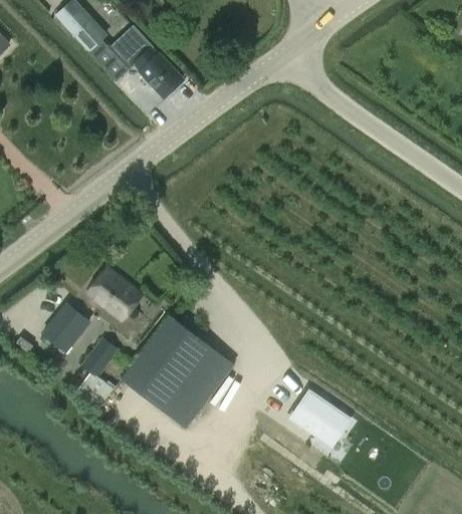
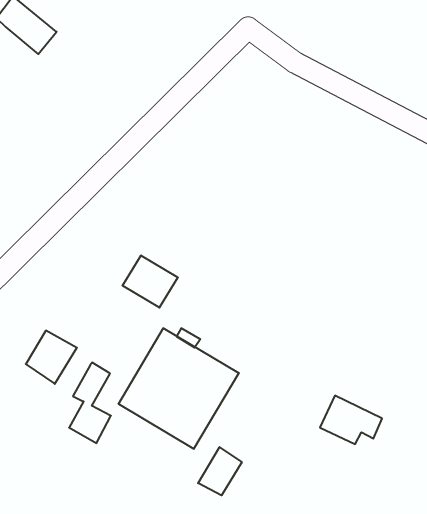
building: [109,25,183,98] -> none
building: [87,269,139,318] -> [122,256,178,308]
building: none -> [198,447,242,495]

